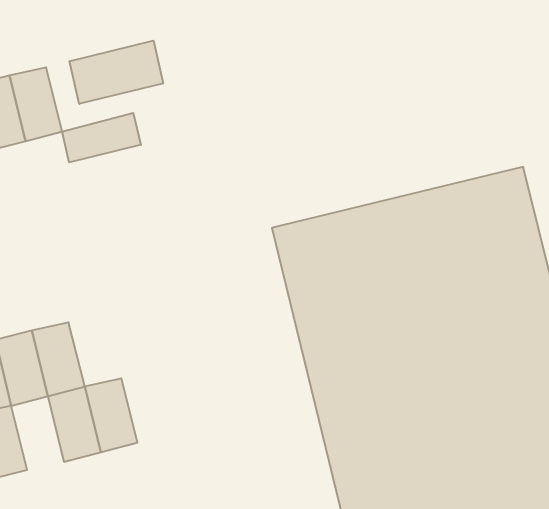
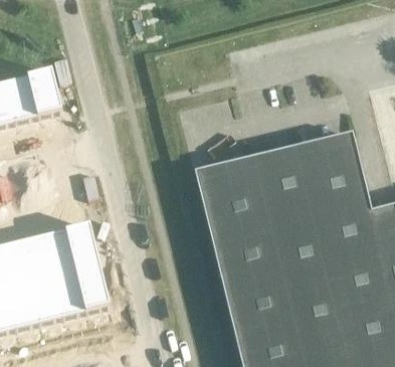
building: [70,41,163,104] -> none
building: [62,113,141,162] -> none
building: none -> [66,222,100,268]
building: none -> [30,274,63,321]

